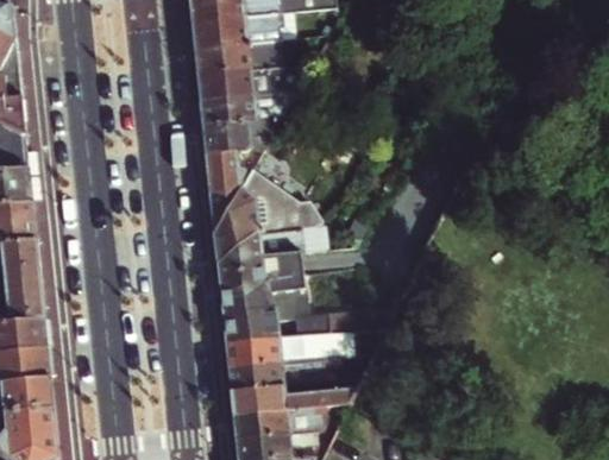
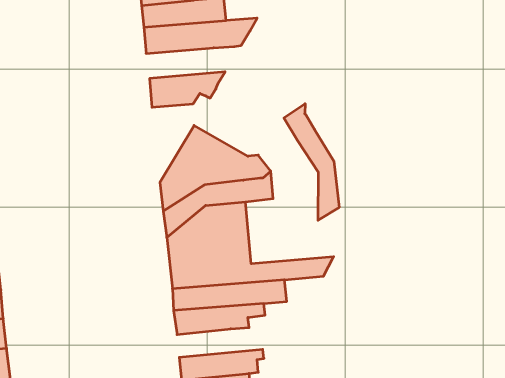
building: [199,88,297,122] -> none
building: [205,138,265,231] -> none
building: none -> [284,104,339,220]
building: [231,377,358,412] -> none

